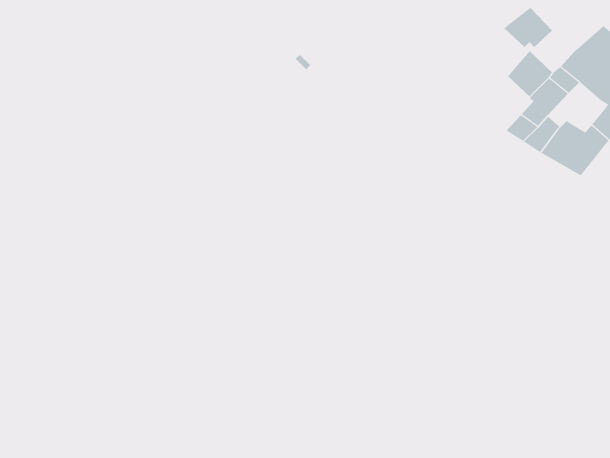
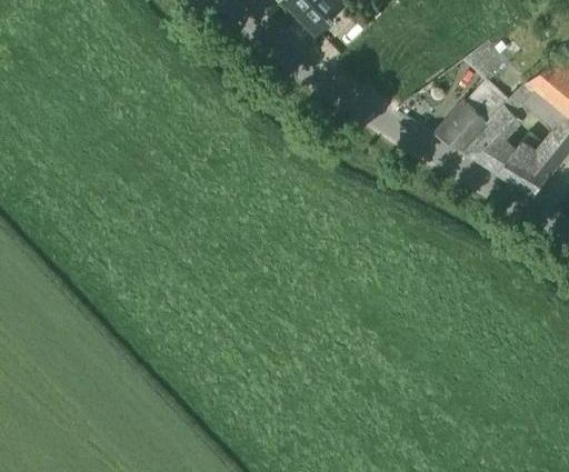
building: none -> [436,104,487,152]

